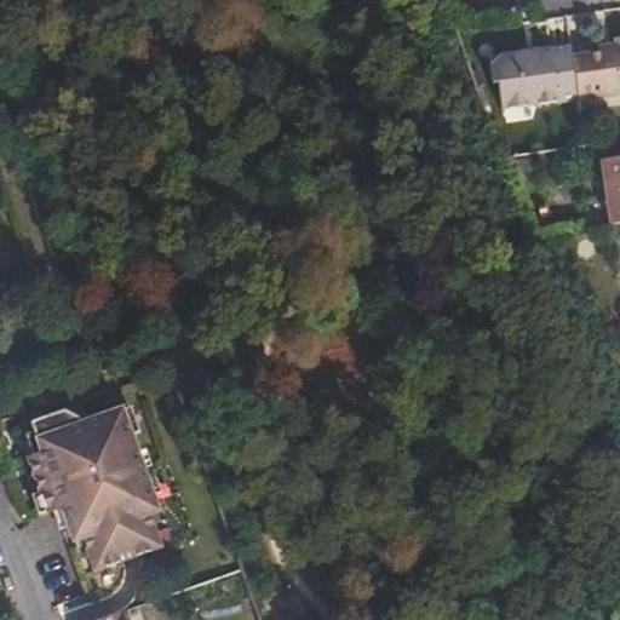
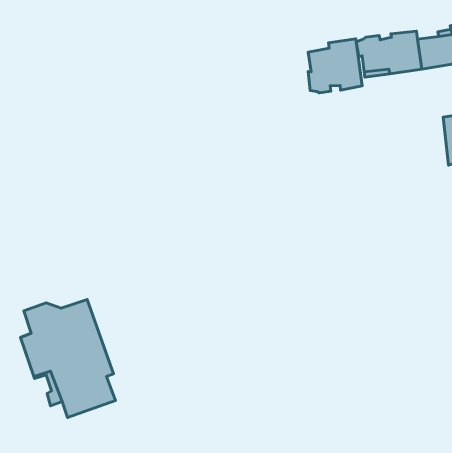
building: none -> [308,39,362,93]

